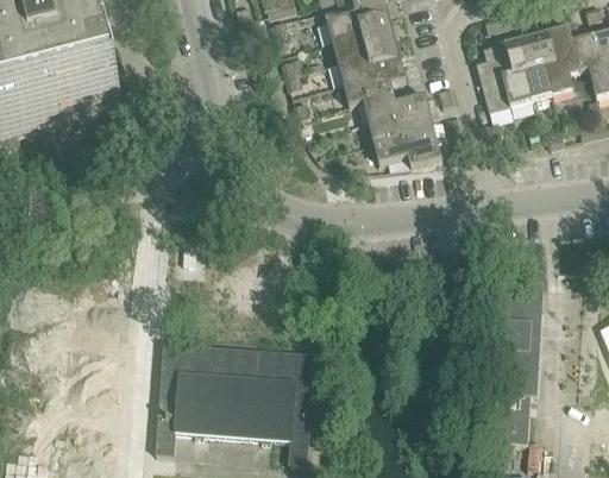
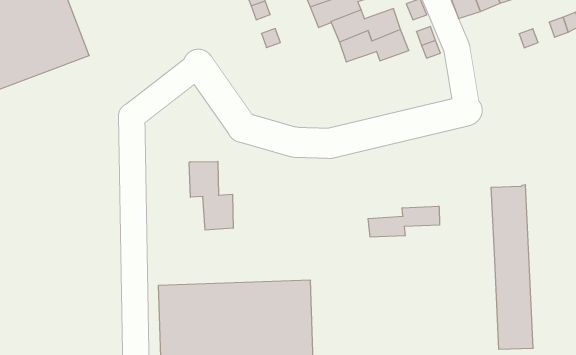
building: [373,133,442,165] -> none
building: none -> [189,161,233,230]
building: none -> [368,206,439,237]

